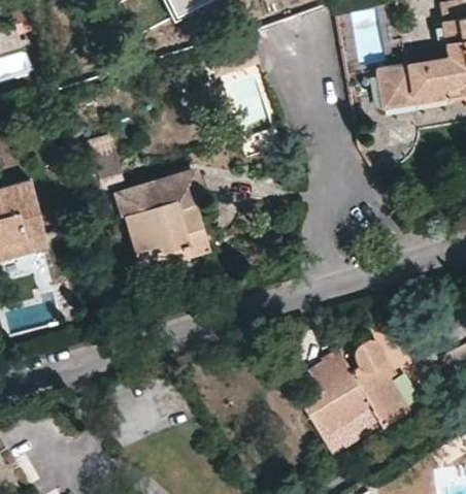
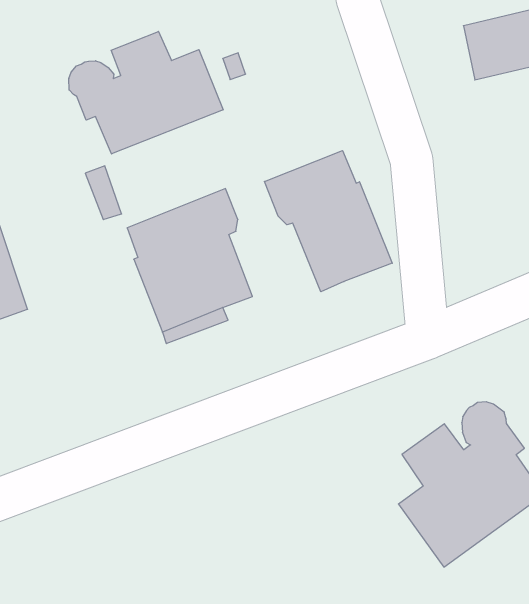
building: none -> [69,31,223,154]
building: none -> [264,151,392,292]

